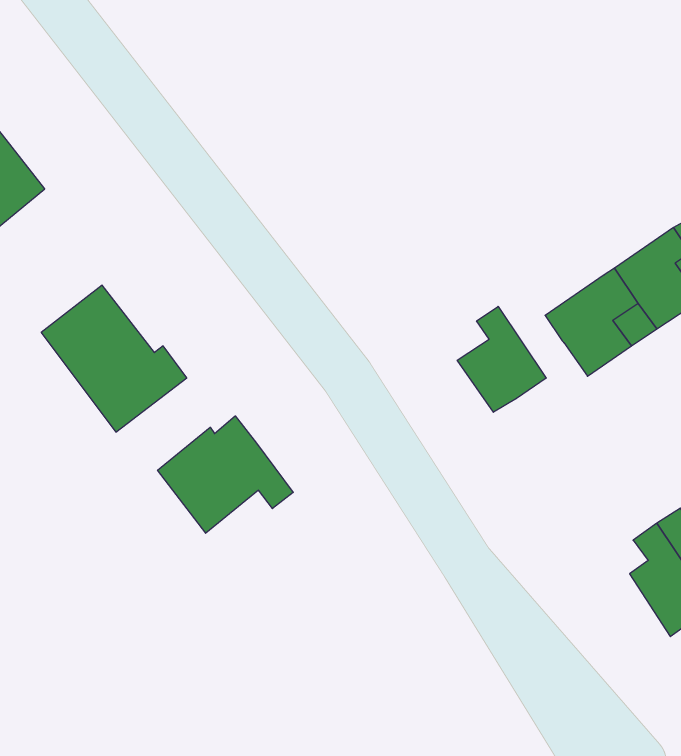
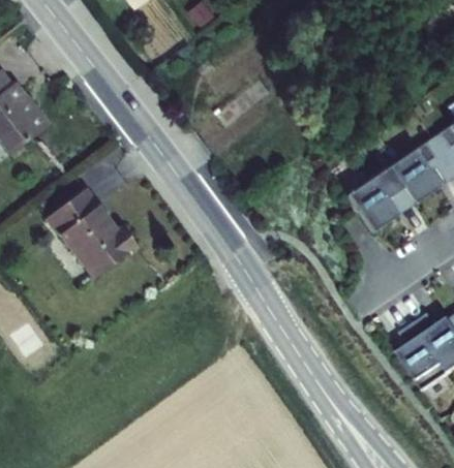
building: [457,306,546,412] -> none
building: [158,416,293,533] -> none

